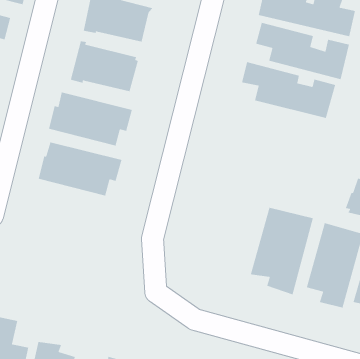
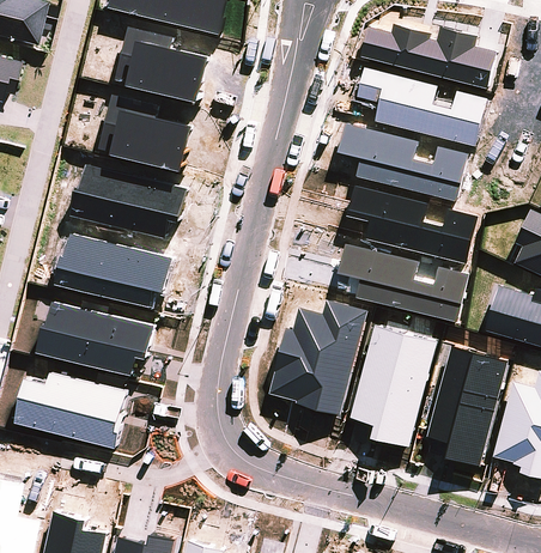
building: none -> [347,186,479,266]
building: none -> [339,244,469,323]
building: none -> [268,299,367,415]
building: none -> [37,302,154,377]
building: none -> [14,371,128,449]

